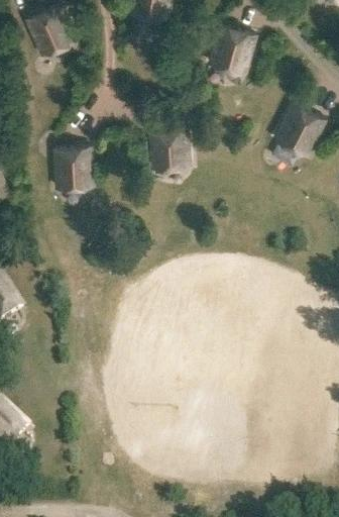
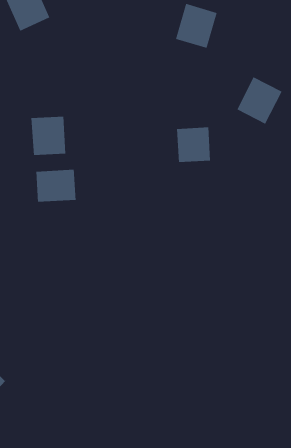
building: [151,130,189,169] -> [176,127,211,163]
building: none -> [36,169,76,203]

